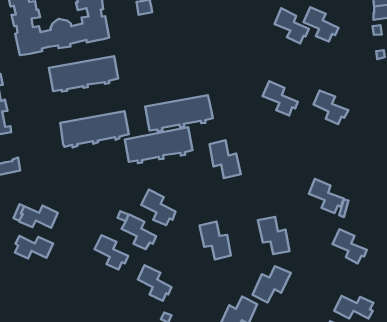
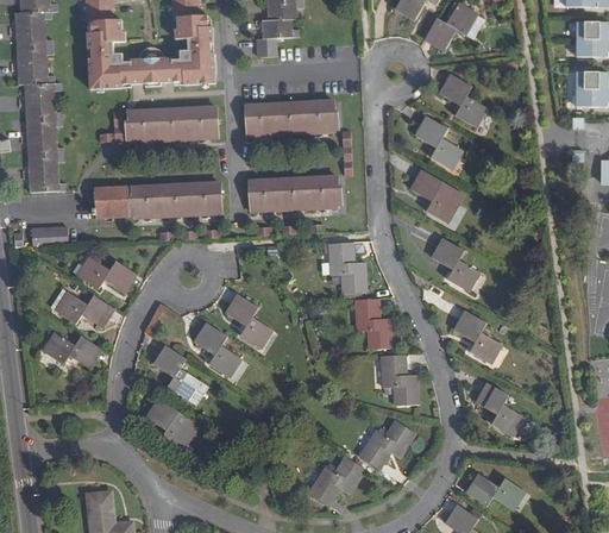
building: [303,7,339,41] -> [415,117,462,167]
building: [313,91,349,124] -> [433,239,479,288]
building: none -> [90,187,128,219]
building: [125,127,192,163] -> [246,101,335,140]
building: none -> [81,258,134,291]
building: [199,221,231,259] -> [354,299,391,350]
building: [138,265,171,301] -> [146,399,190,450]

